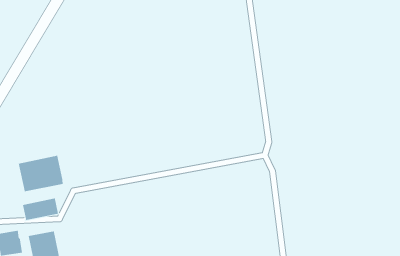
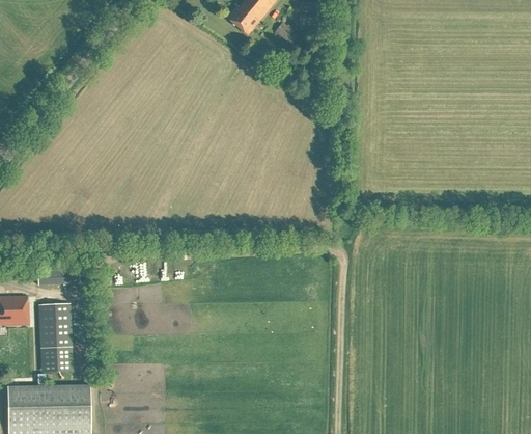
building: [18,155,63,192] -> none

